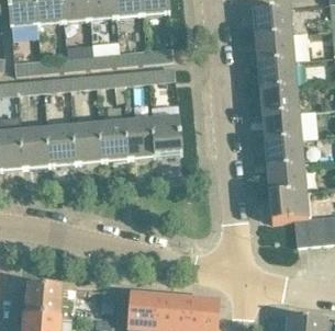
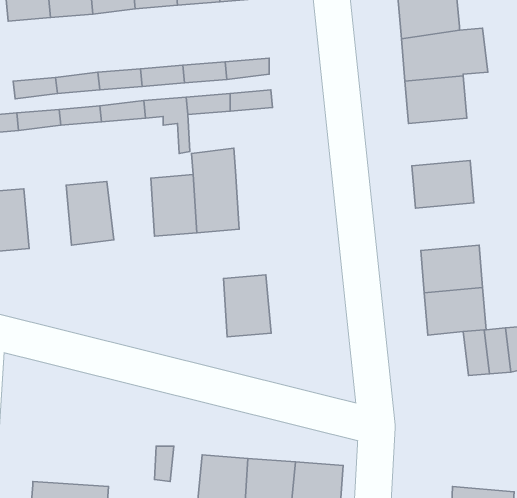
building: [260,85,299,115] -> none
building: [153,116,182,155] -> [224,275,271,337]
building: [72,123,102,161] -> none
building: [21,127,51,167] -> none
building: [265,138,304,168] -> none
building: [26,284,76,315] -> none

